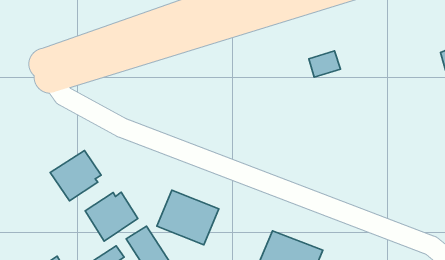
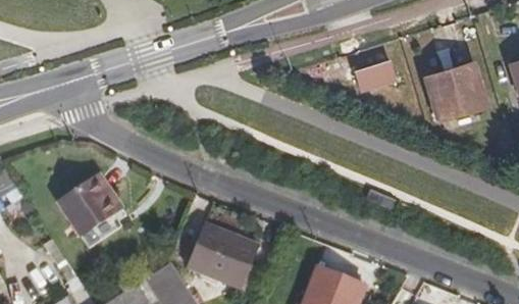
building: none -> [424,53,483,112]
building: [85,192,138,241] -> none

